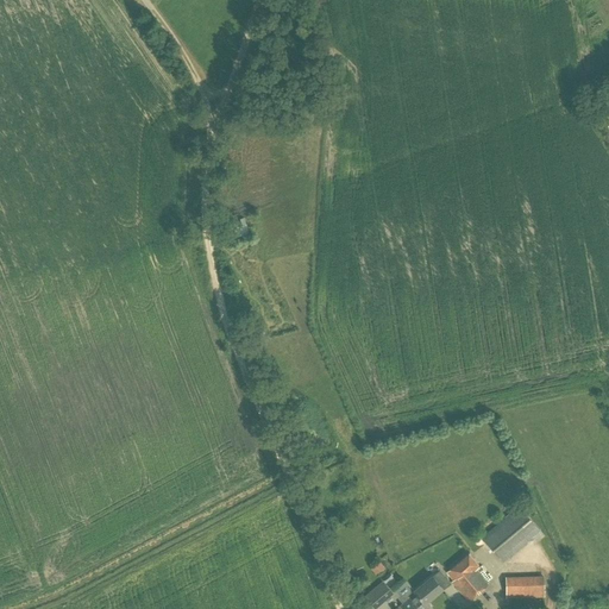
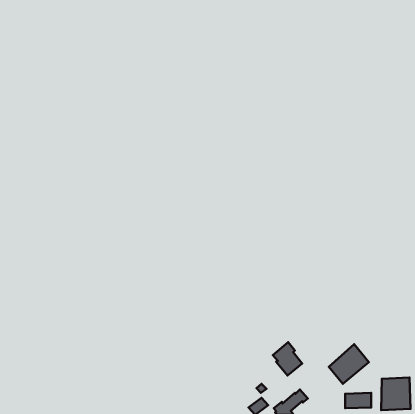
building: [446,554,489,603] -> [273,342,302,376]
building: none -> [381,378,410,410]

